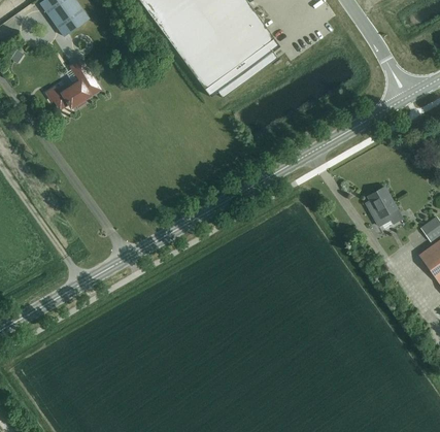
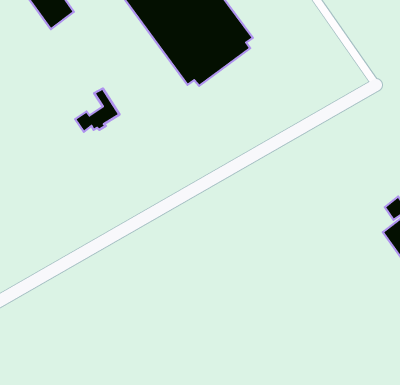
building: [50,62,98,108] -> [75,88,119,132]
building: [365,187,396,226] -> none

